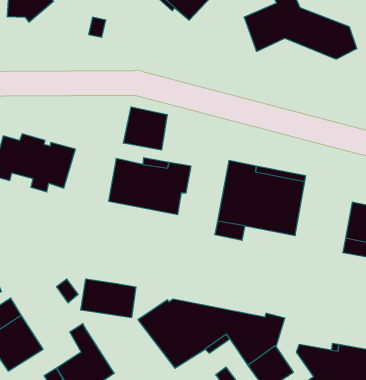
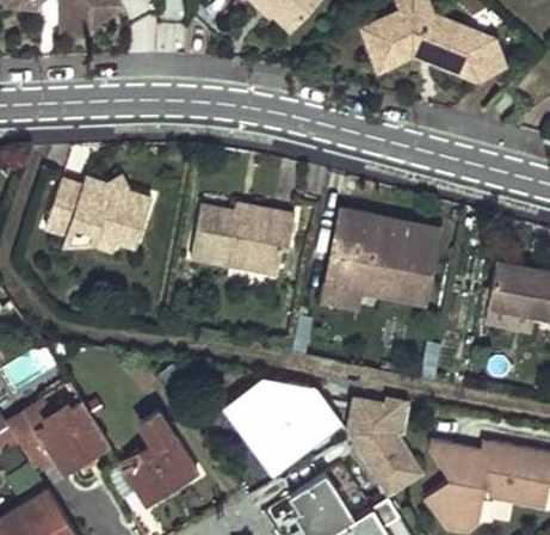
building: [123,107,167,150] -> none
building: [81,279,136,318] -> none

